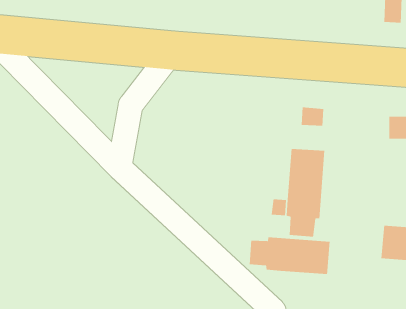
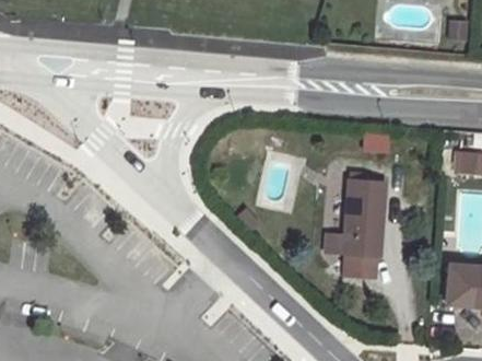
building: [249,237,330,275] -> none

